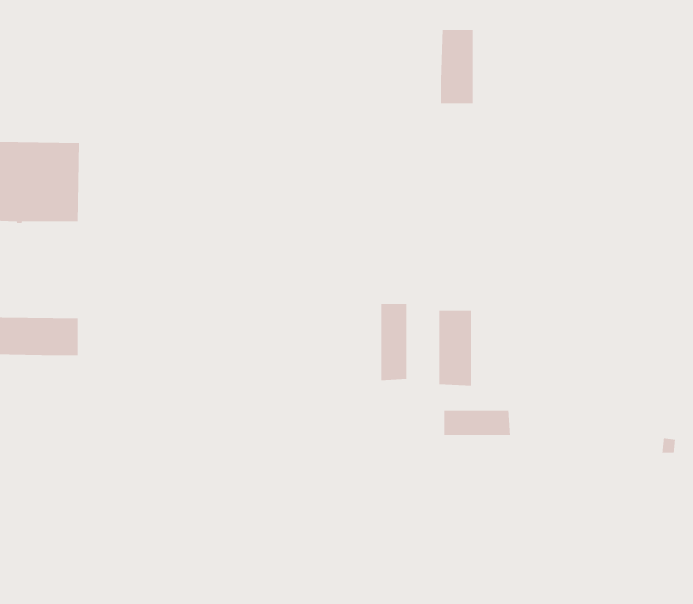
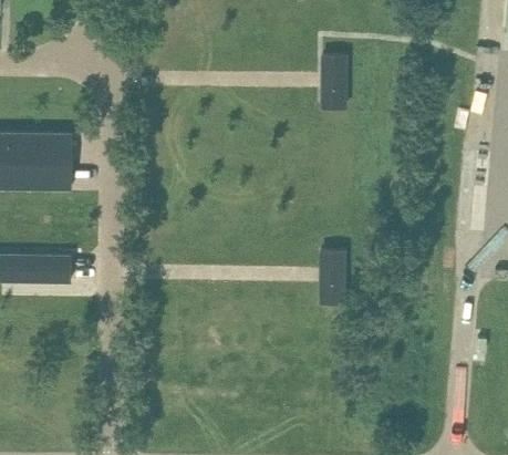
building: [381,303,407,381] -> none
building: [444,410,511,436] -> none

